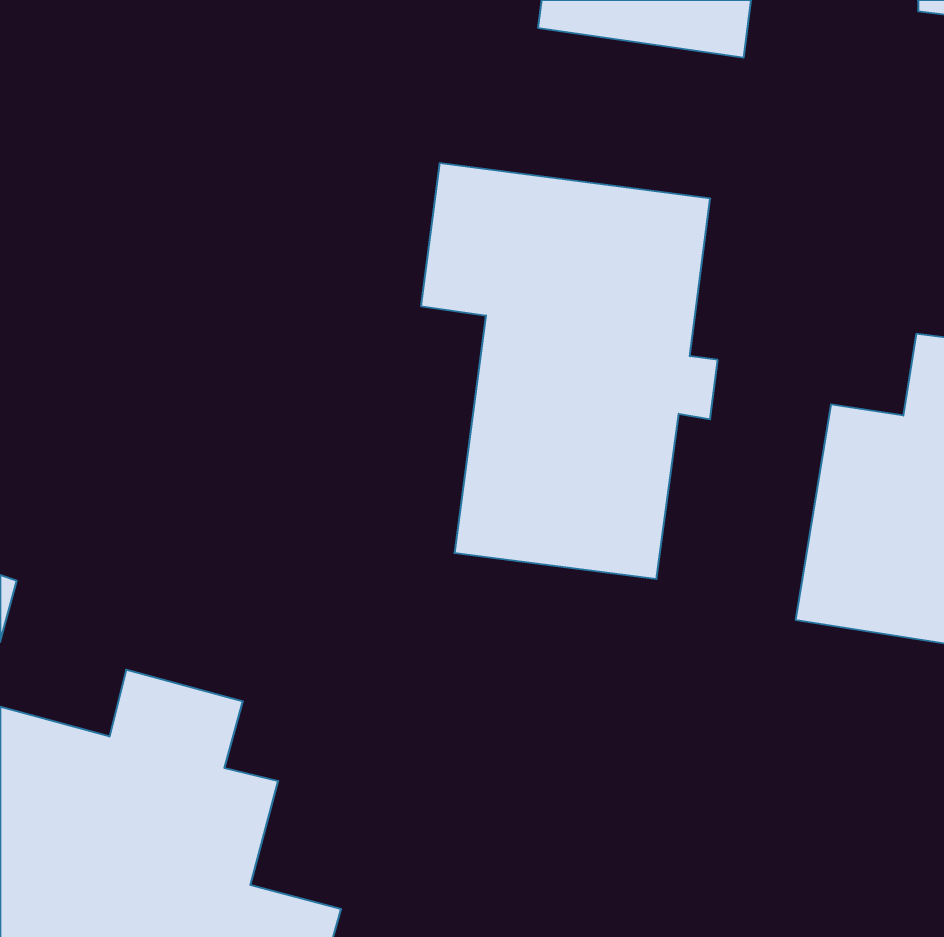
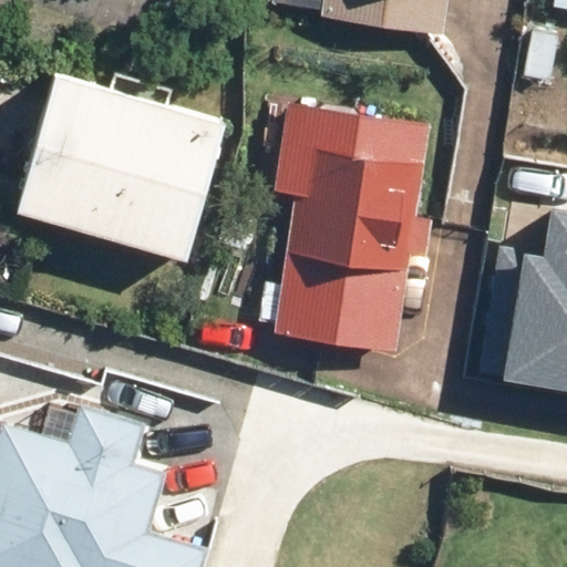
building: none -> [19,73,226,257]

